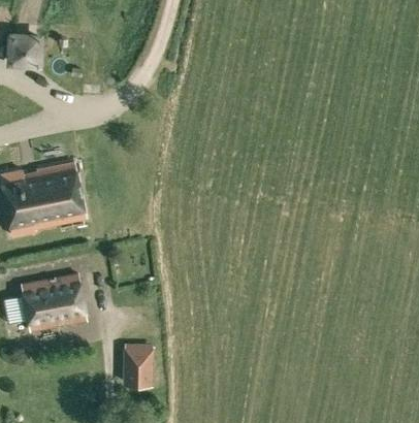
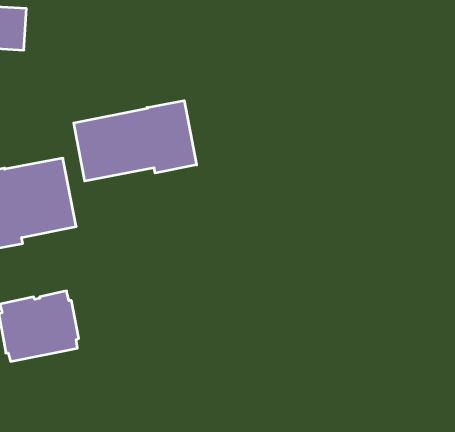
building: none -> [74,101,197,181]
building: [124,347,152,386] -> none

